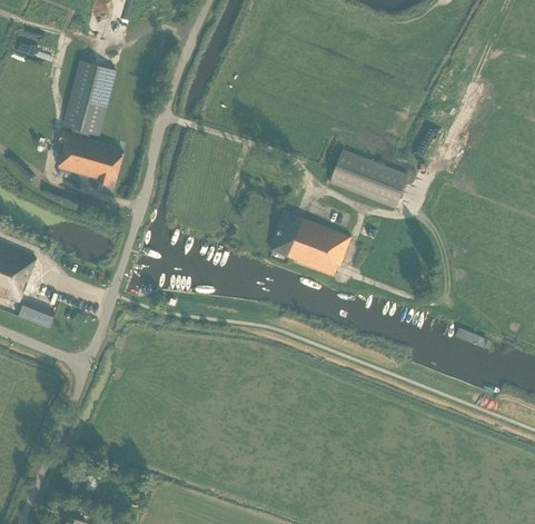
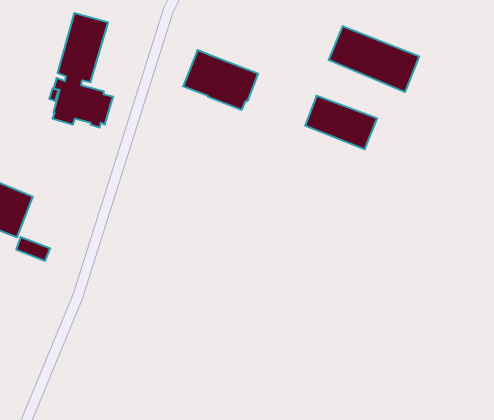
building: none -> [329,26,419,92]
building: [269,210,350,275] -> [183,50,258,110]

